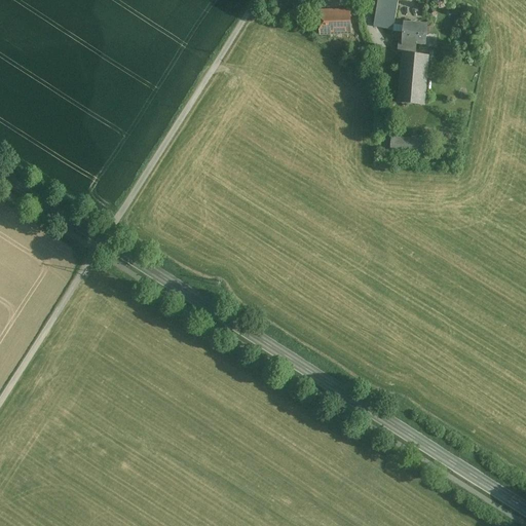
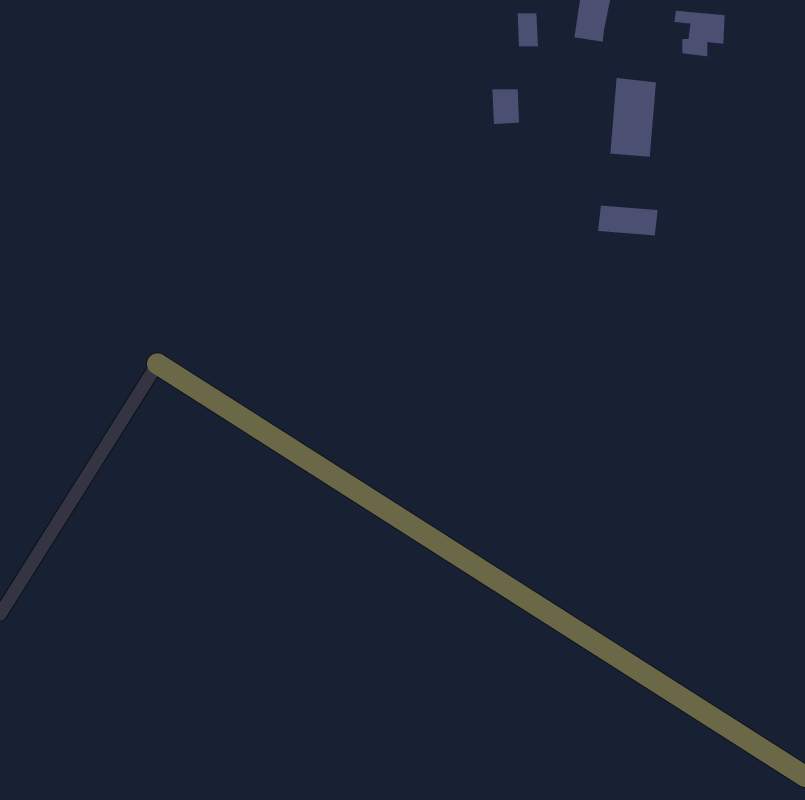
building: [320,8,338,32] -> [492,88,520,125]
building: [393,20,427,50] -> [674,10,726,57]

